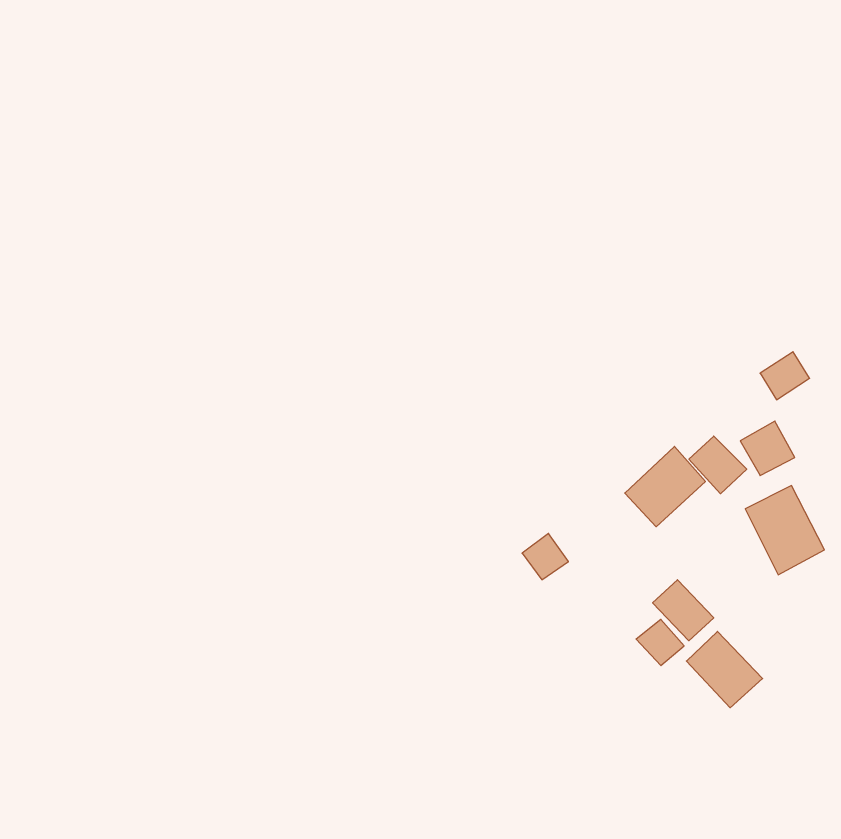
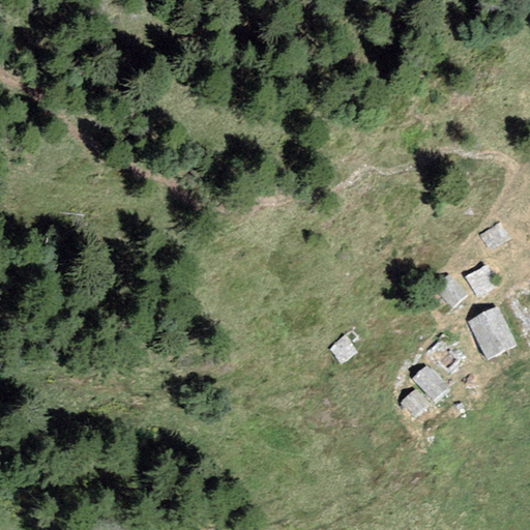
building: [625,446,705,527] -> none
building: [686,631,763,708] -> none

